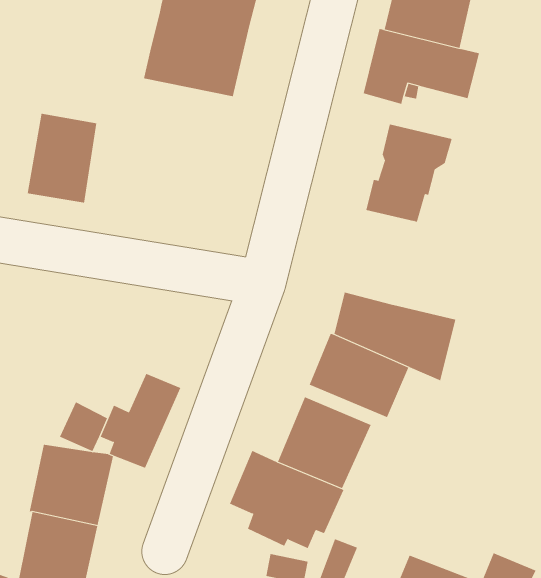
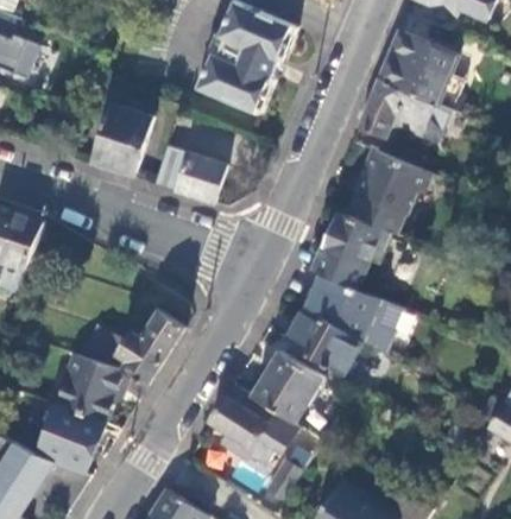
building: none -> [153,145,226,202]
building: none -> [311,210,383,290]

